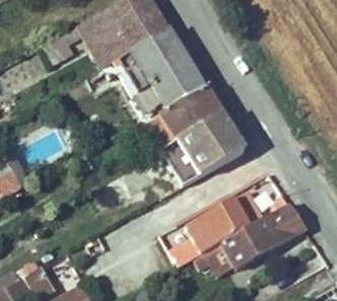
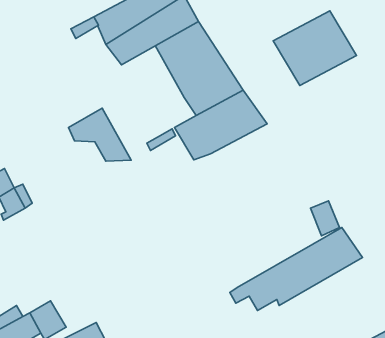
building: [104,50,156,94] -> [68,108,131,161]
building: [179,116,249,178] -> [273,11,356,85]
building: [167,190,265,267] -> none

